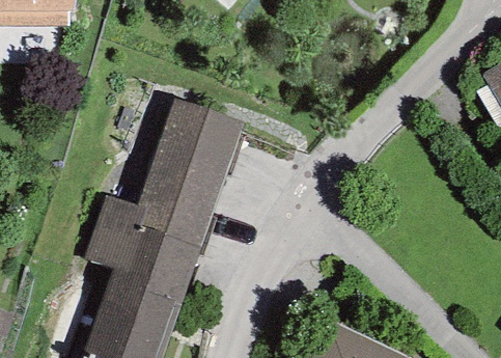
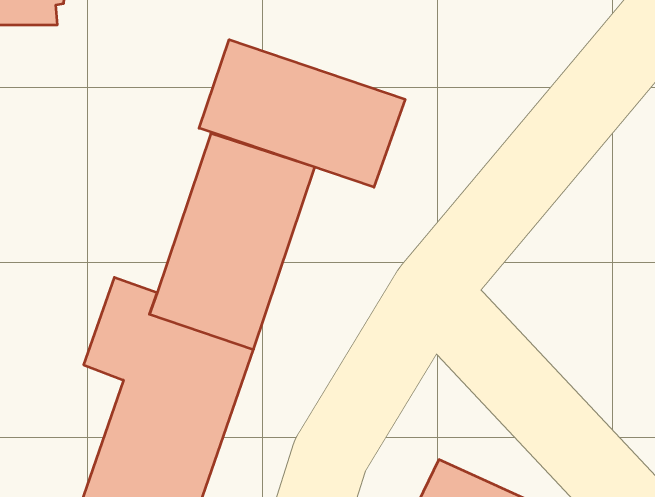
building: none -> [199,40,405,187]

